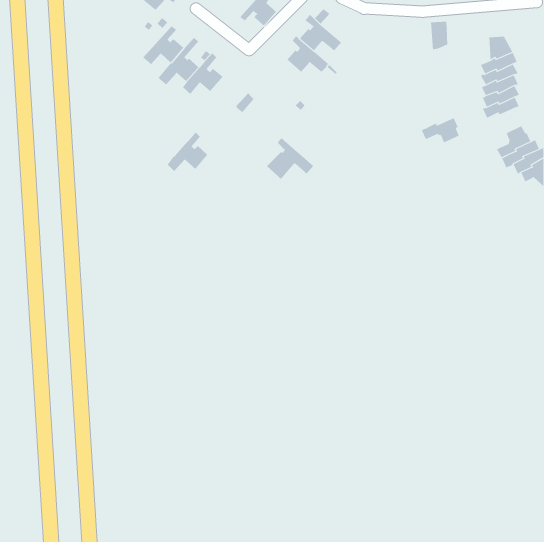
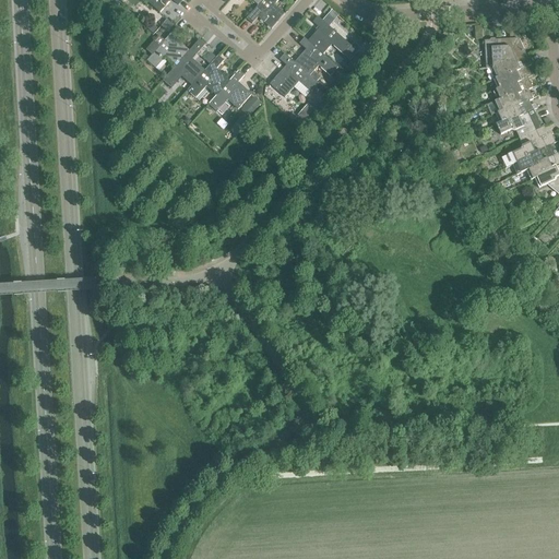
building: [430,21,448,50] -> [484,38,502,68]
building: [421,118,460,143] -> [496,110,535,136]
building: [167,131,208,172] -> [209,69,251,110]
building: [266,137,314,180] -> [269,52,318,96]

